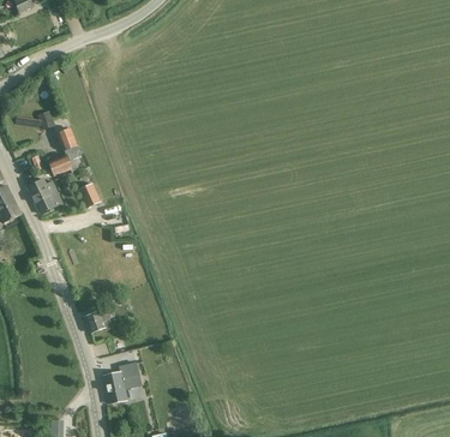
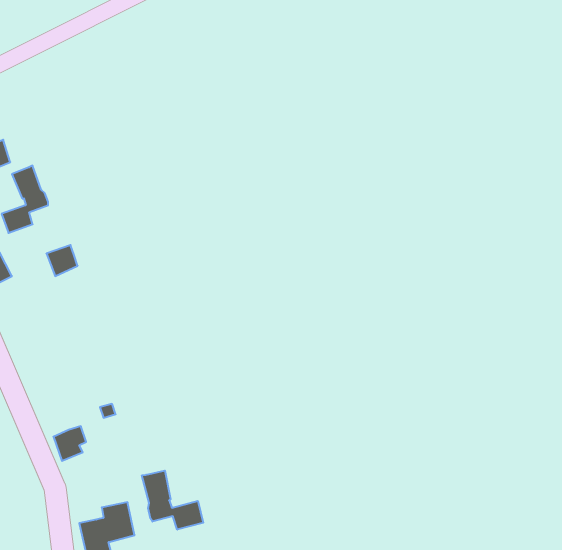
building: none -> [142,471,203,530]

